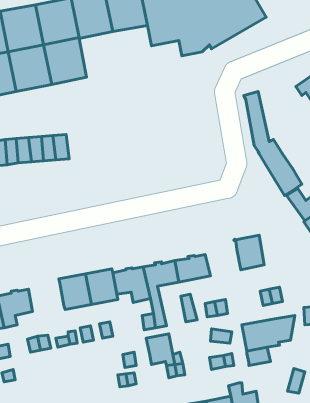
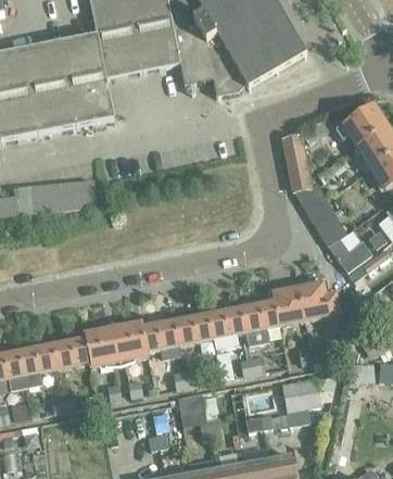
building: none -> [299,279,340,317]
building: none -> [241,301,279,343]
building: none -> [52,337,90,367]

